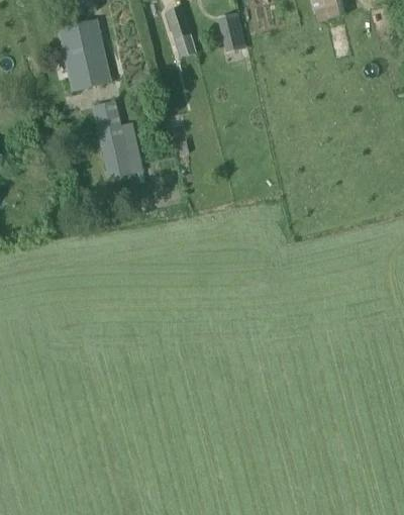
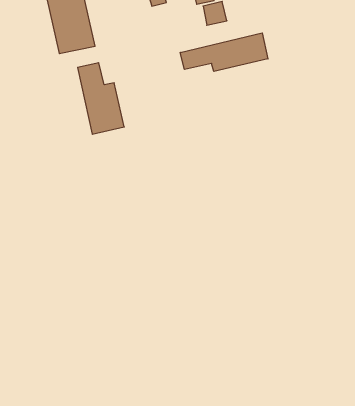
building: none -> [180,33,268,71]

